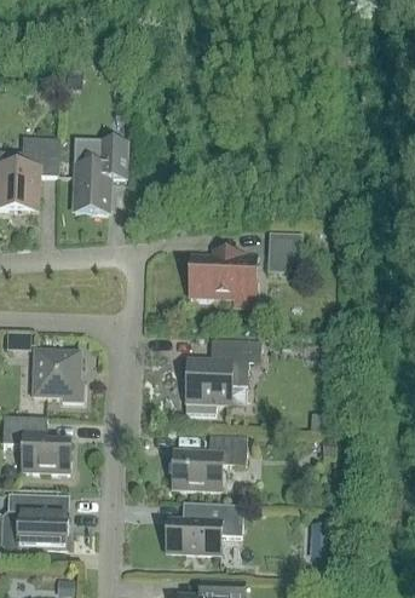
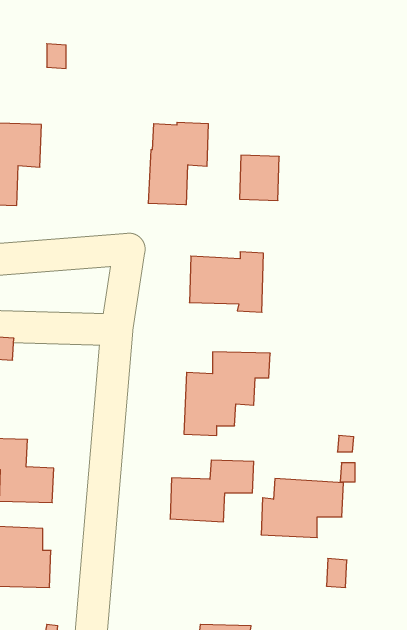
building: [74,139,127,212] -> [148,122,208,205]
building: [267,232,302,272] -> [240,155,279,200]
building: [33,349,83,401] -> none
building: [171,501,243,553] -> [261,479,343,538]

